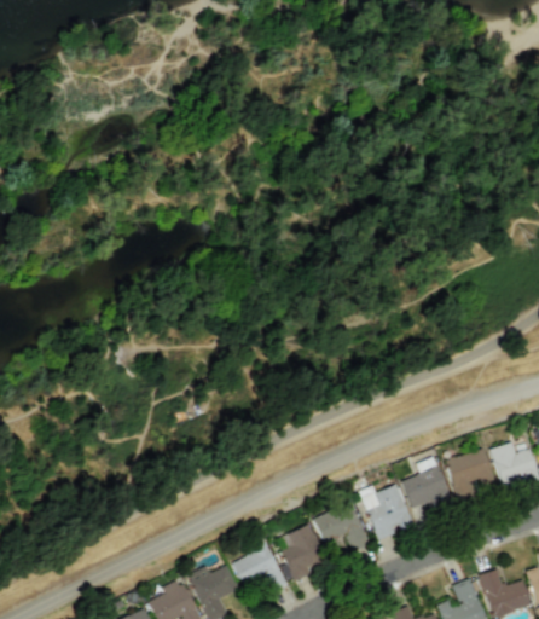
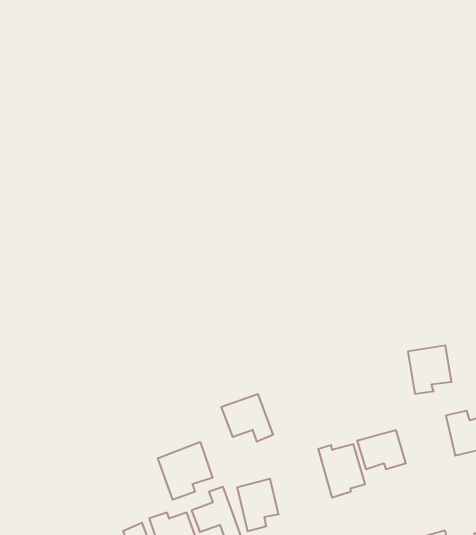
building: [448,449,495,501] -> [408,345,452,394]
building: none -> [158,442,213,500]
building: [314,502,370,551] -> [221,394,273,442]

